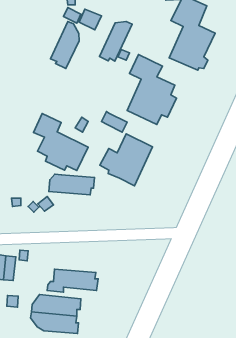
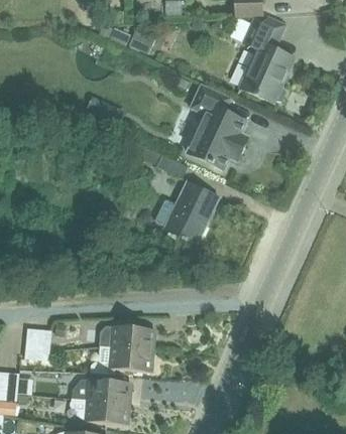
building: [50,21,79,68] -> none
building: [100,21,132,61] -> none
building: [33,113,88,170] -> none
building: [49,174,94,195] -> [99,324,154,349]

